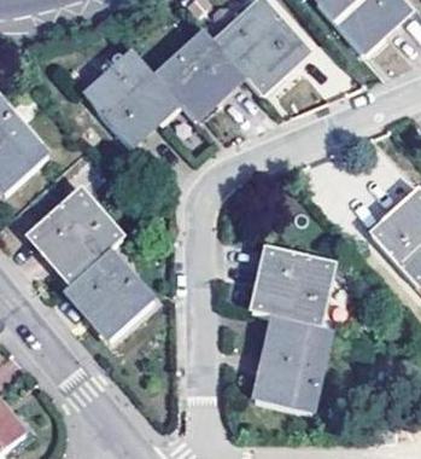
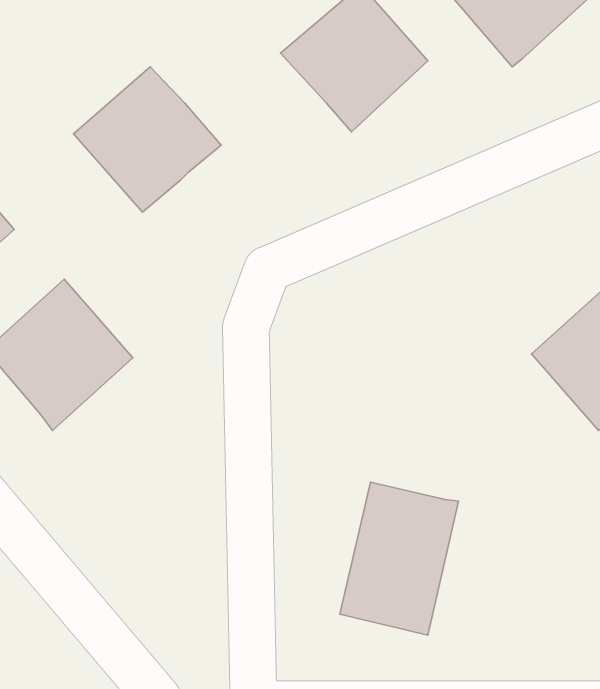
building: [154,33,244,120] -> none
building: [251,248,332,326] -> none
building: [65,249,152,338] -> none

